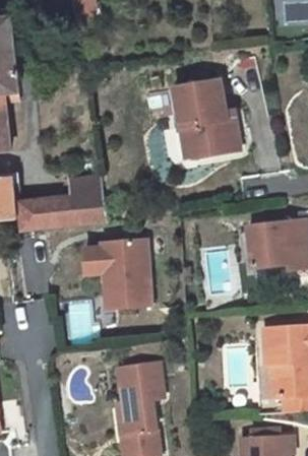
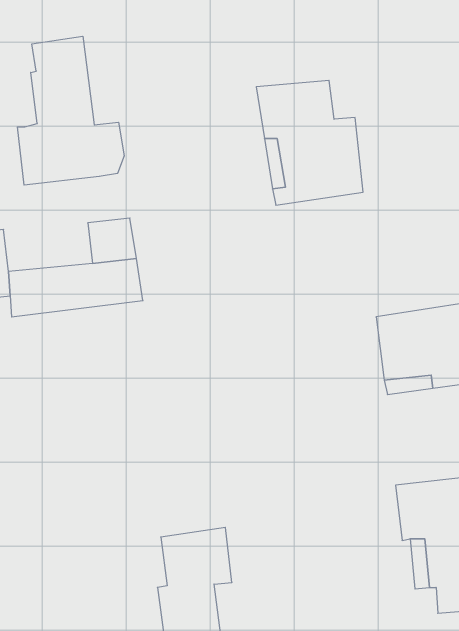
building: none -> [18,36,124,185]
building: [82,237,151,307] -> none

